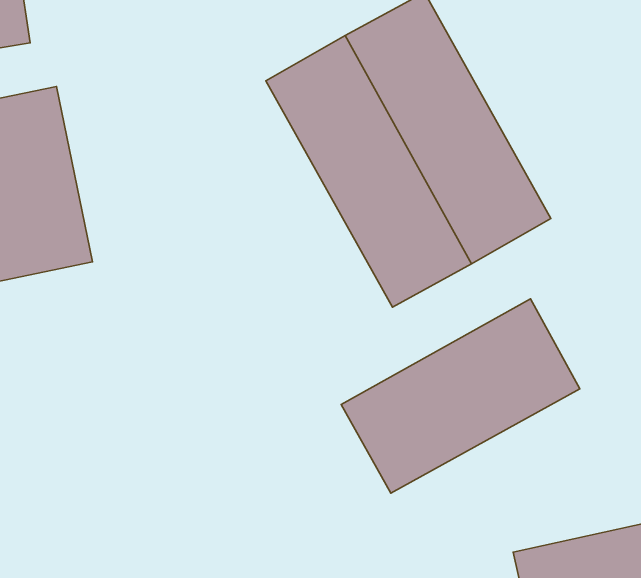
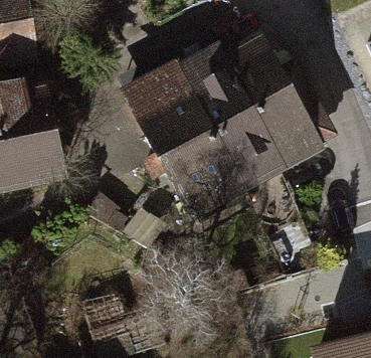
building: none -> [127,77,236,221]
building: [341,299,580,493] -> none

